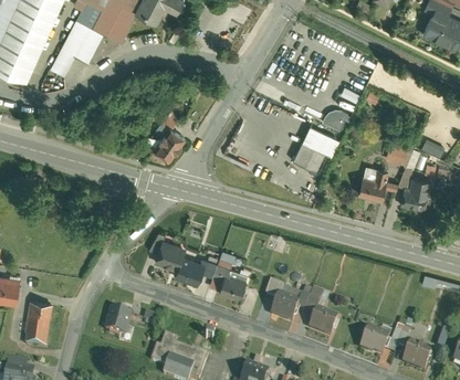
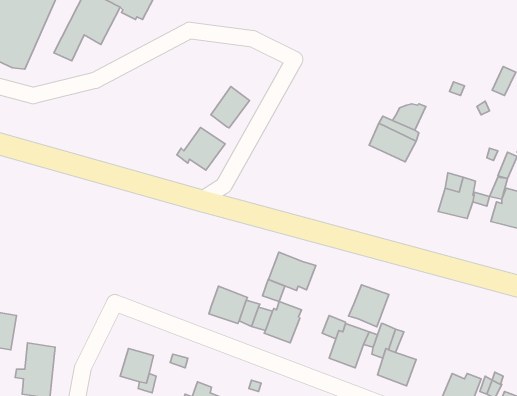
building: none -> [211,87,250,128]
building: [293,141,326,172] -> none
building: none -> [269,252,316,291]
building: [153,235,186,270] -> none
building: none -> [349,285,389,327]

